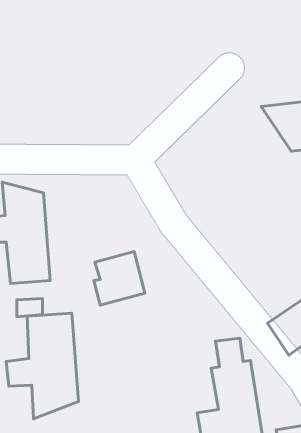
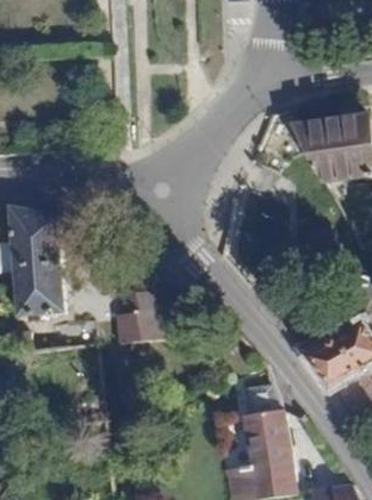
building: [6,313,78,419] -> none

